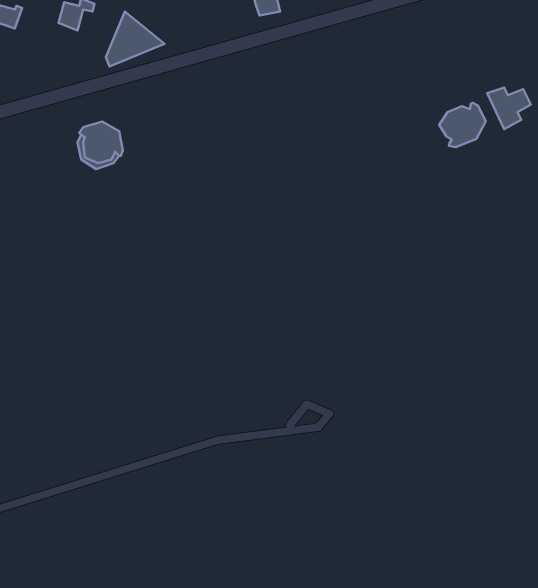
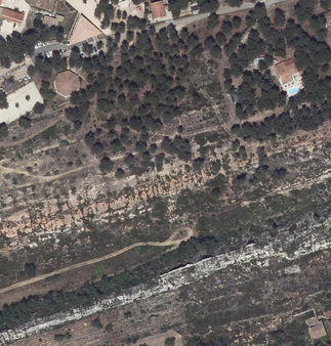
building: [439,103,486,147] -> none

